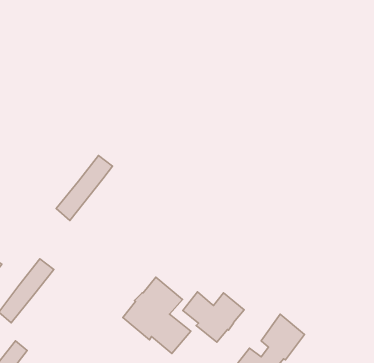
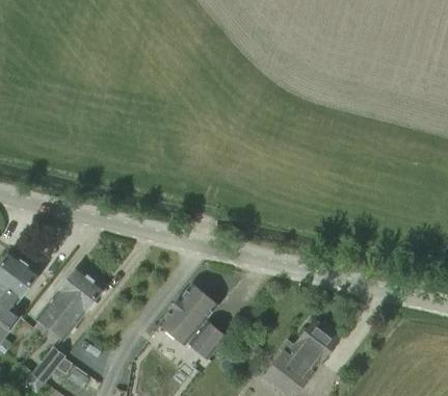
building: [56,156,112,220] -> [49,278,104,341]
building: [183,292,244,342] -> none

